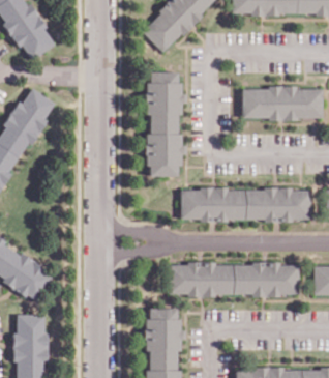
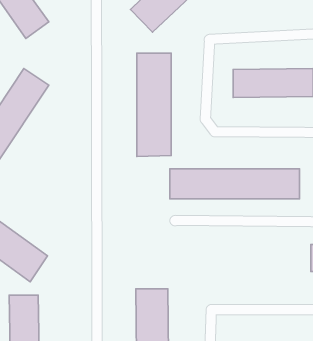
building: [167,268,295,295] -> none

